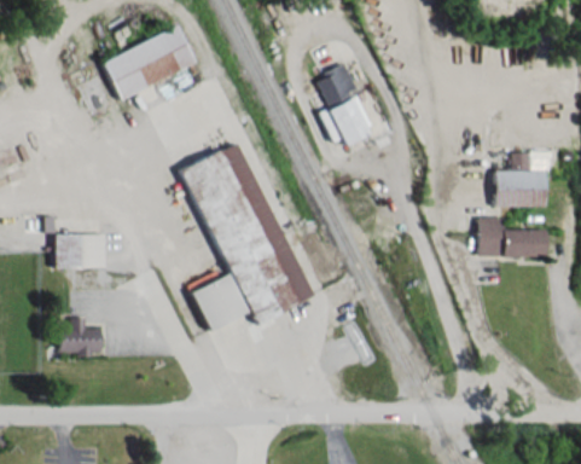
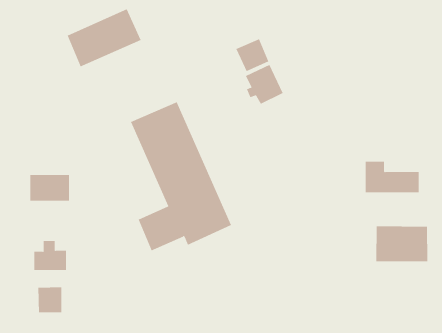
building: [494,153,545,207] -> none
building: none -> [376,226,428,262]
building: none -> [38,287,62,313]

